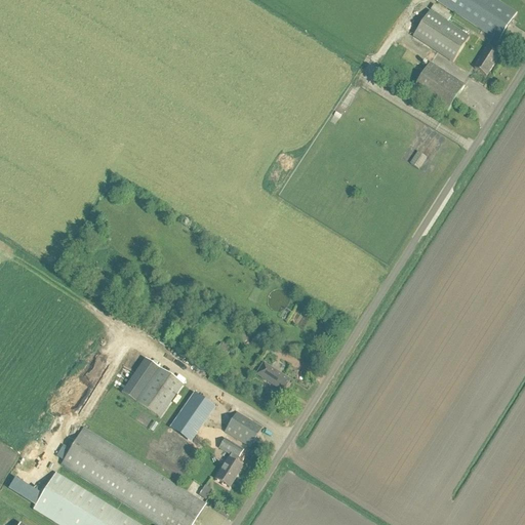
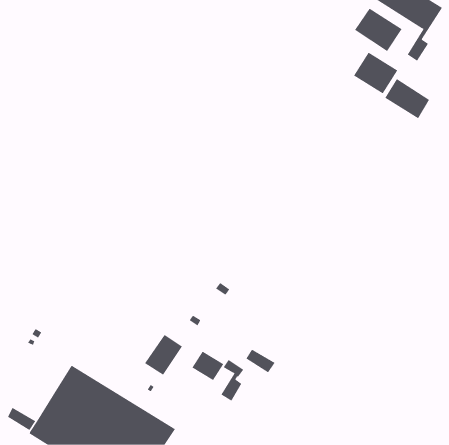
building: none -> [384,78,430,119]
building: [122,358,181,415] -> none
building: [255,359,290,388] -> [246,349,275,373]
building: [215,435,243,484] -> [220,359,244,402]

